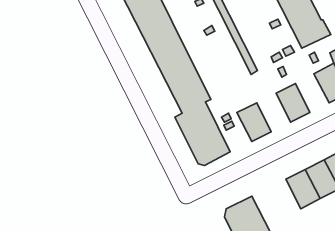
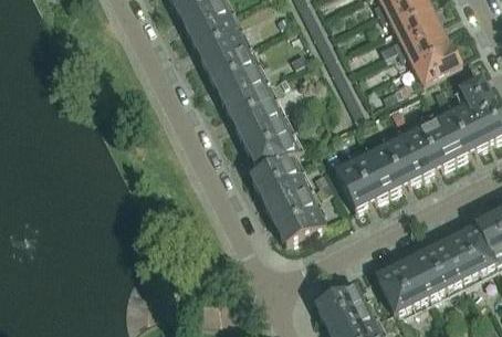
building: none -> [415,115,461,168]
building: none -> [362,141,408,194]
building: none -> [375,260,422,313]

